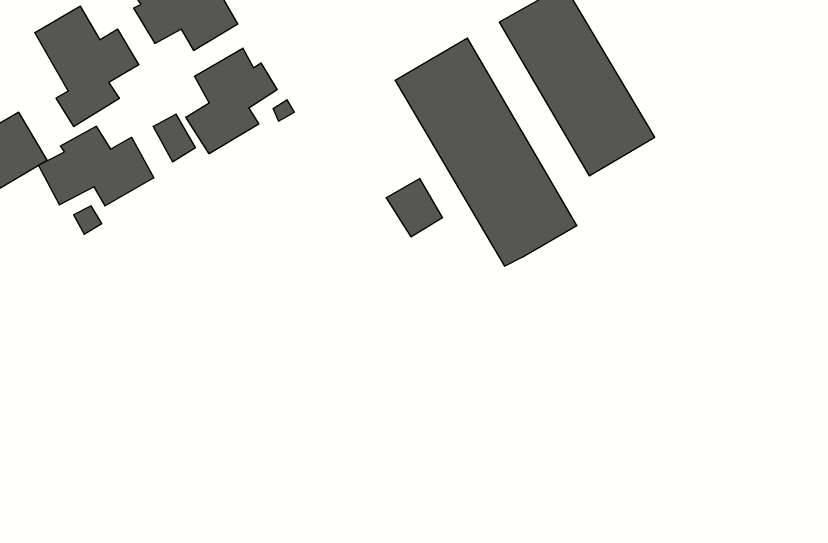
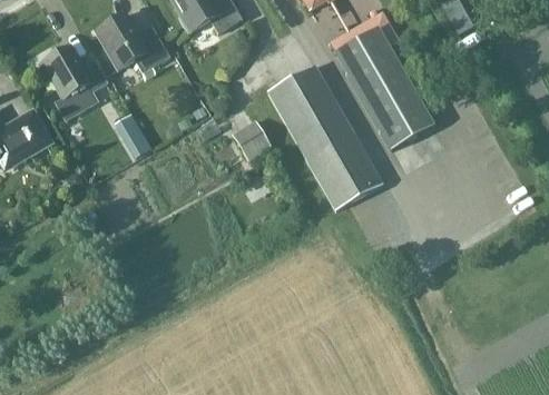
building: [186,48,277,154] -> none
building: [39,126,154,206] -> none
building: [386,178,443,237] -> [234,124,269,160]

